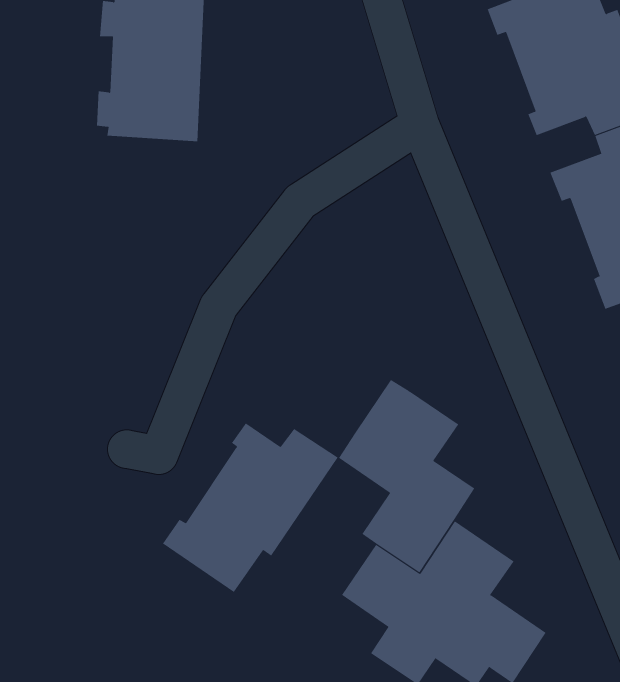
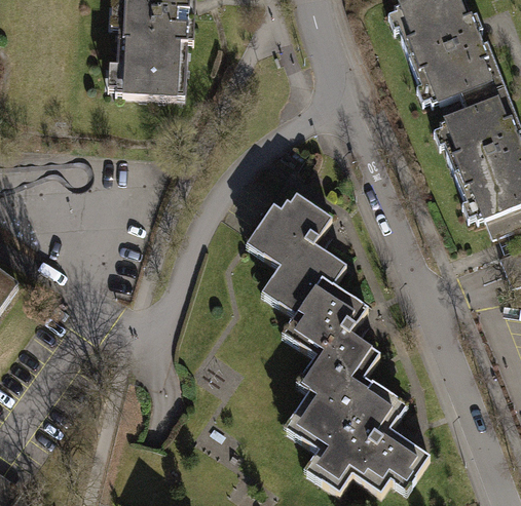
building: none -> [247,191,349,312]
building: [162,422,339,593] -> none

